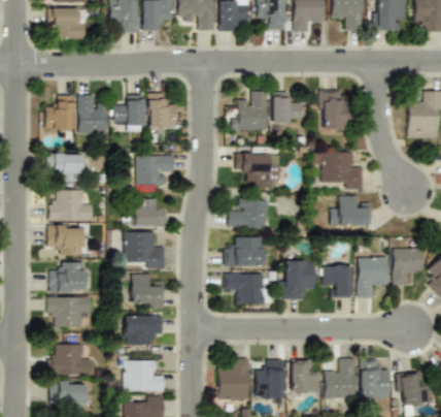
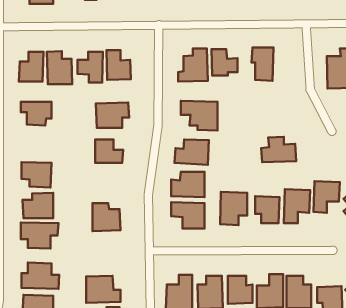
building: [314,152,364,189] -> none
building: [49,189,93,221] -> none
building: [125,231,166,268] -> none
building: [126,315,164,345] -> none

